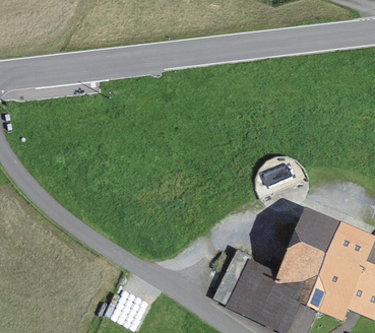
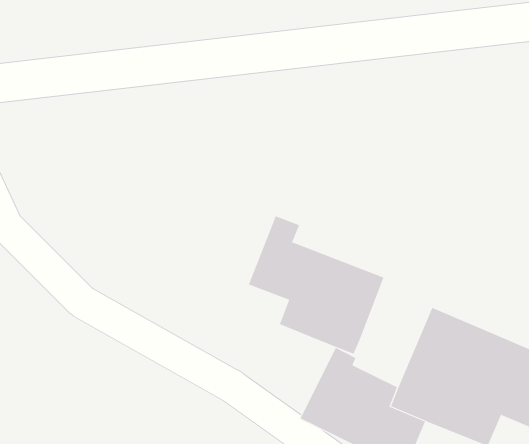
building: none -> [248,216,384,355]

